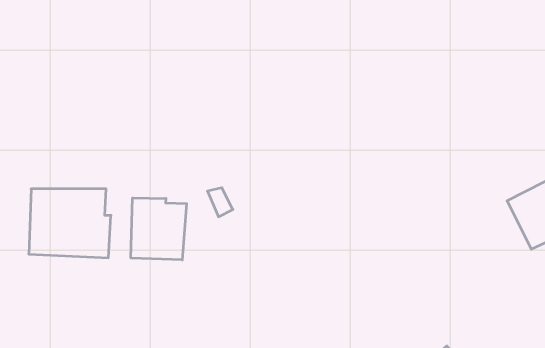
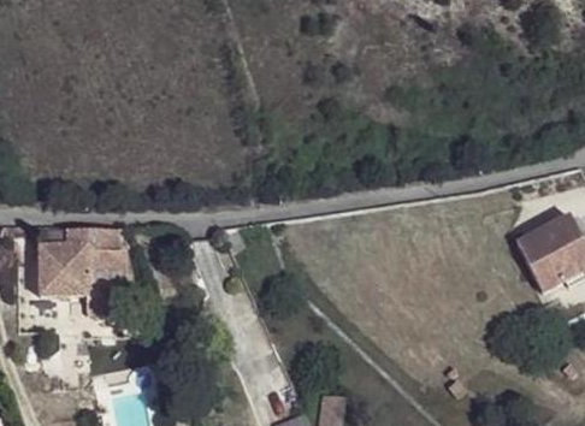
building: [131,198,187,260] -> none

